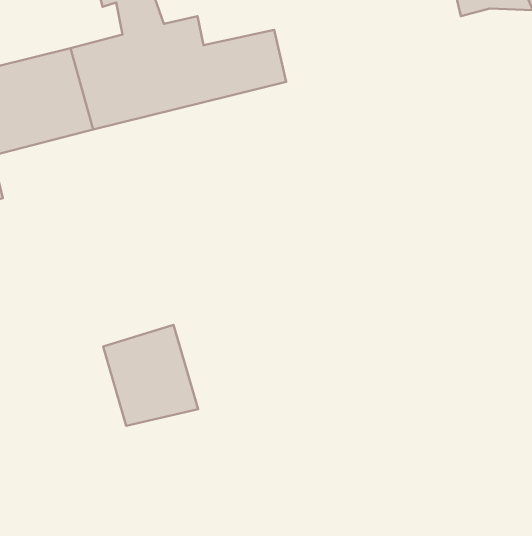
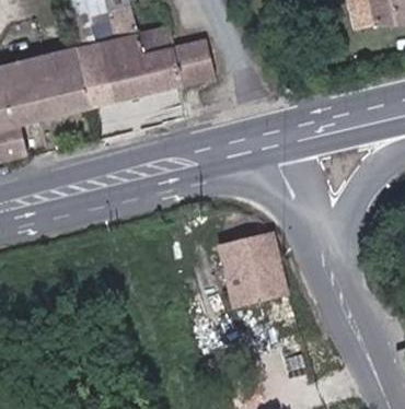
building: [103,325,198,426] -> [216,233,284,305]

